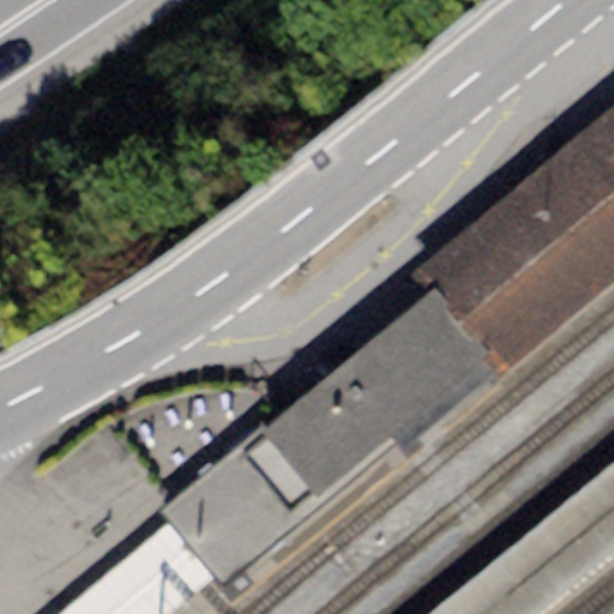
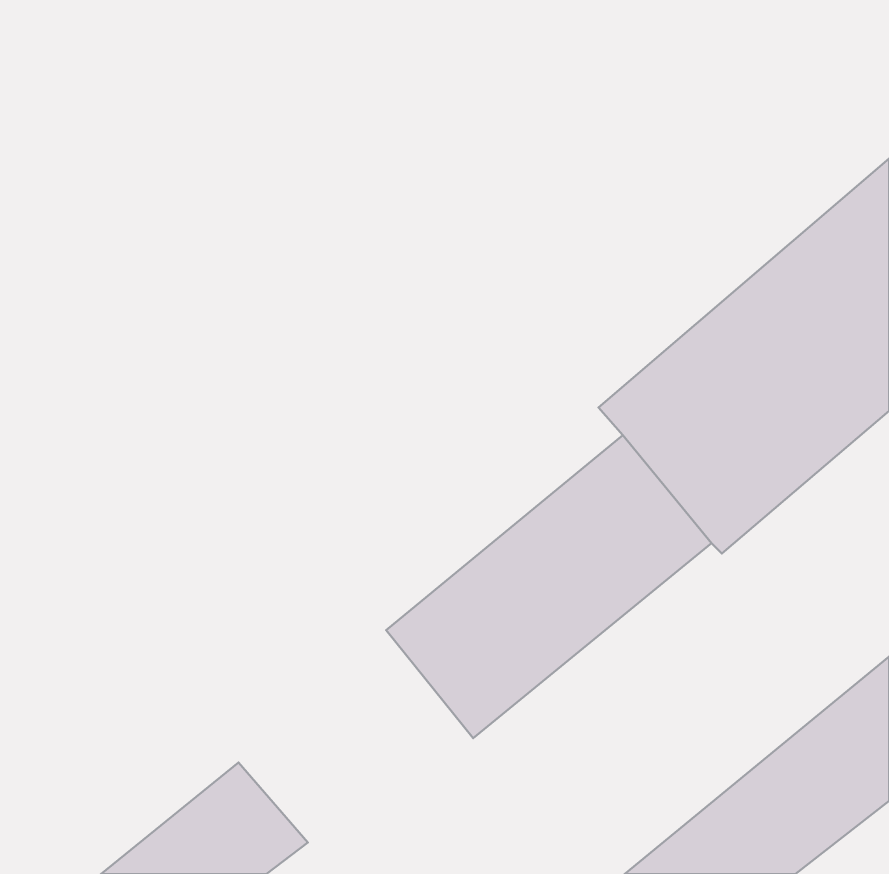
building: [157,429,326,594] -> none

